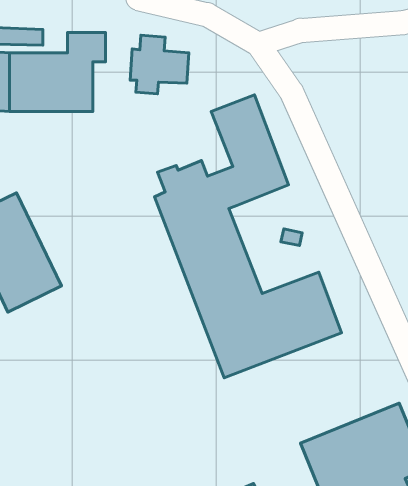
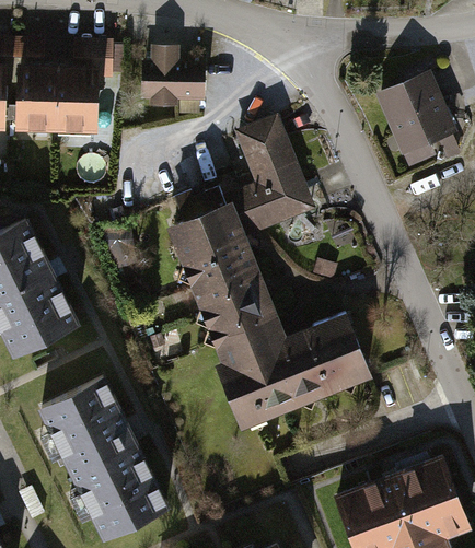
building: none -> [367,72,449,174]
building: none -> [35,380,160,536]

